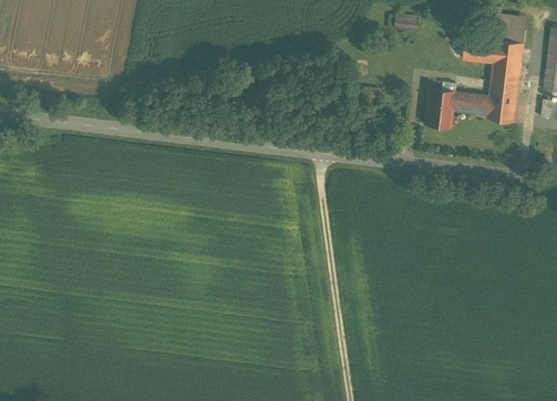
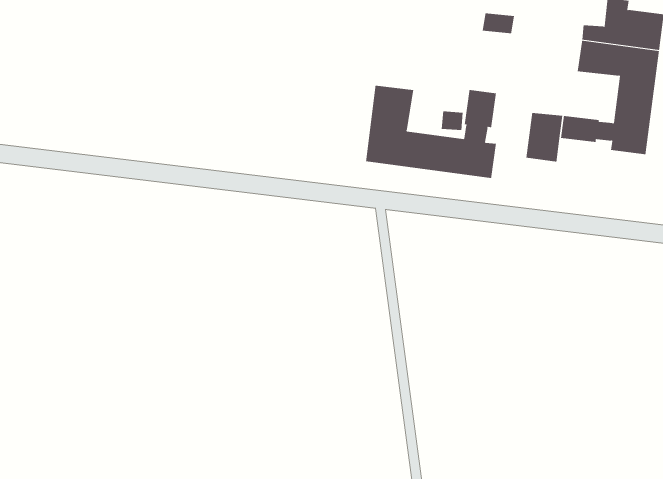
building: none -> [365,85,497,179]

